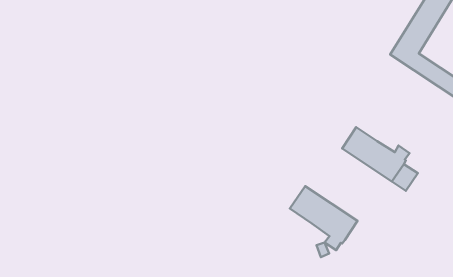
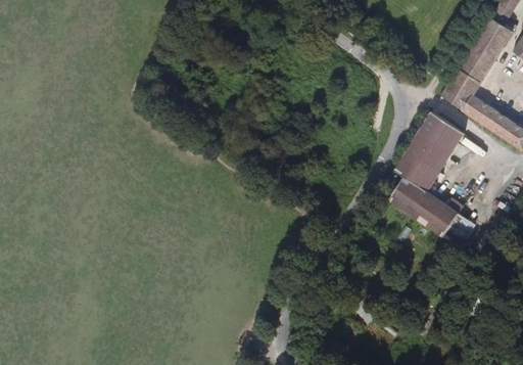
building: none -> [394,111,465,192]
building: [290,186,357,250] -> none

